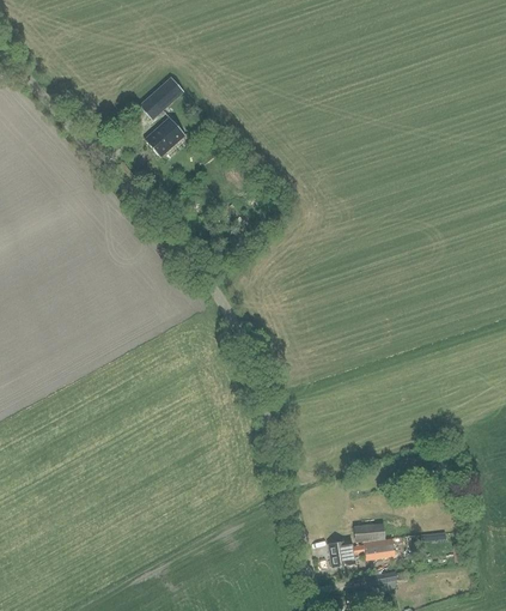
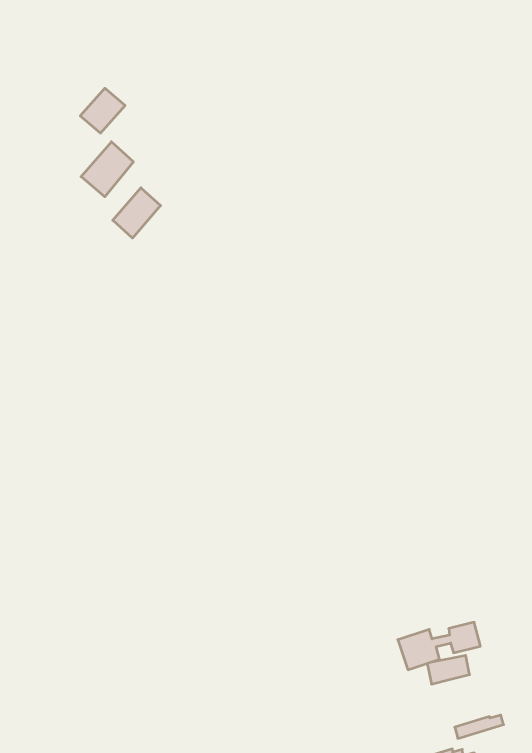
building: none -> [113,188,161,238]
building: [327,538,386,567] -> [398,622,480,670]

